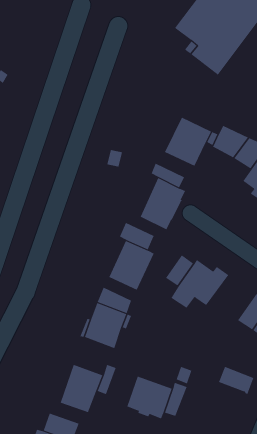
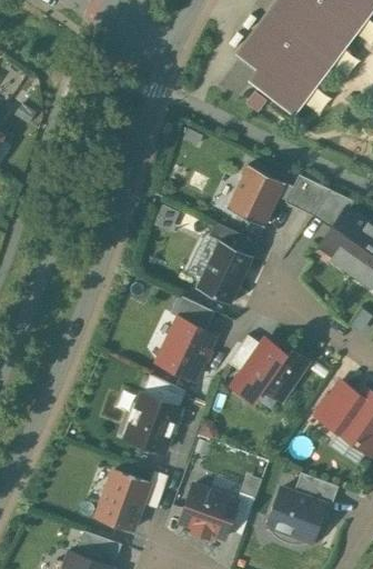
building: none -> [266,488,324,543]

